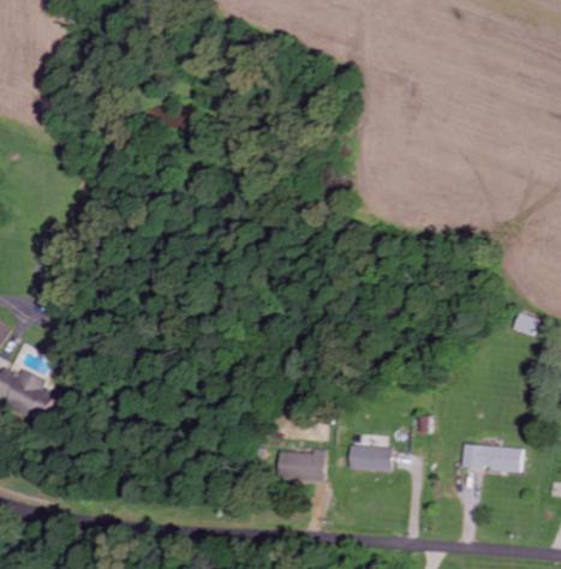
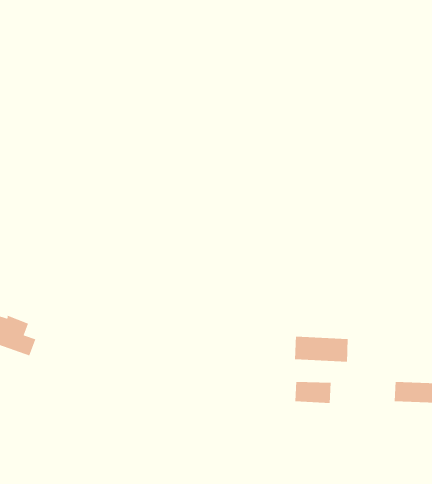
building: none -> [295,336,348,362]
building: [279,449,326,480] -> none

